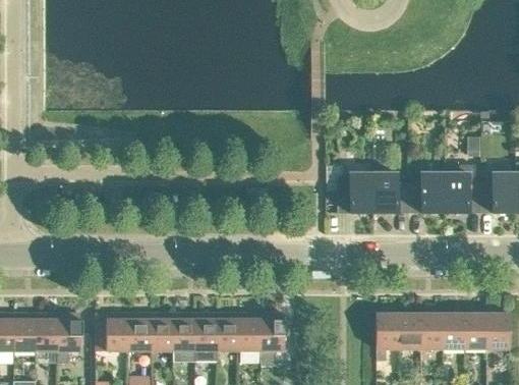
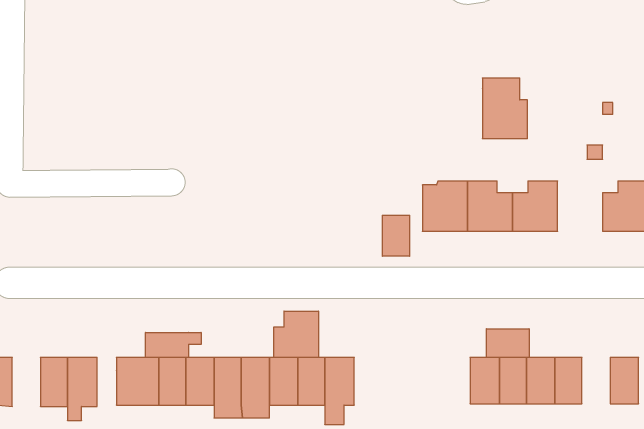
building: [445,166,480,214] -> [482,78,527,139]
building: none -> [382,215,410,256]
building: none -> [274,311,318,357]
building: none -> [486,329,529,357]
building: none -> [146,332,201,357]
building: [13,314,36,352] -> none
building: [464,314,486,350] -> none

